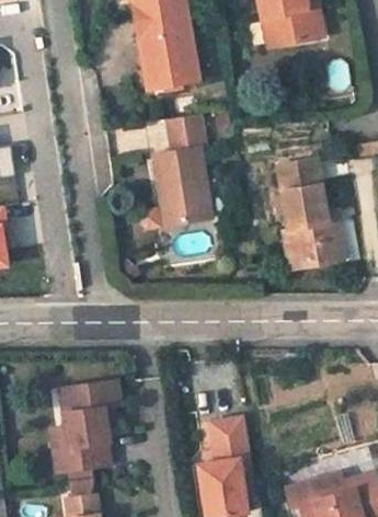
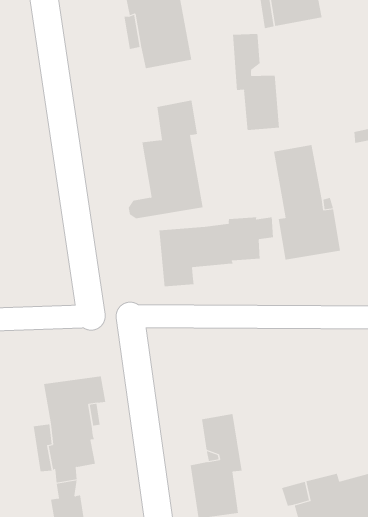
building: none -> [232,33,279,131]
building: none -> [159,216,273,287]

